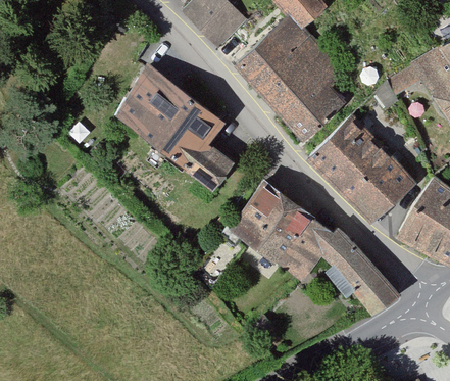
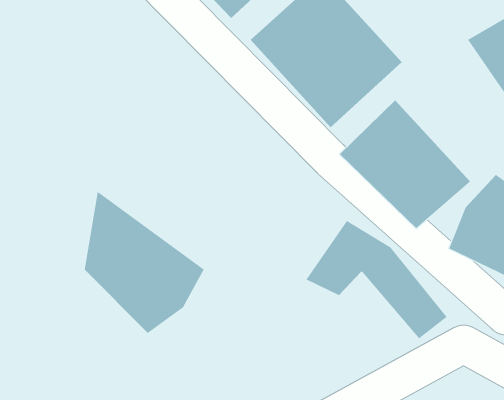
building: [112,64,235,190] -> none
building: [231,181,313,264] -> none
building: none -> [84,191,205,334]

